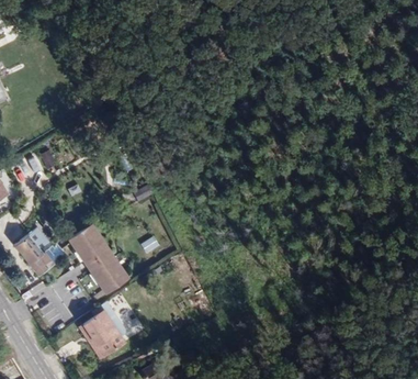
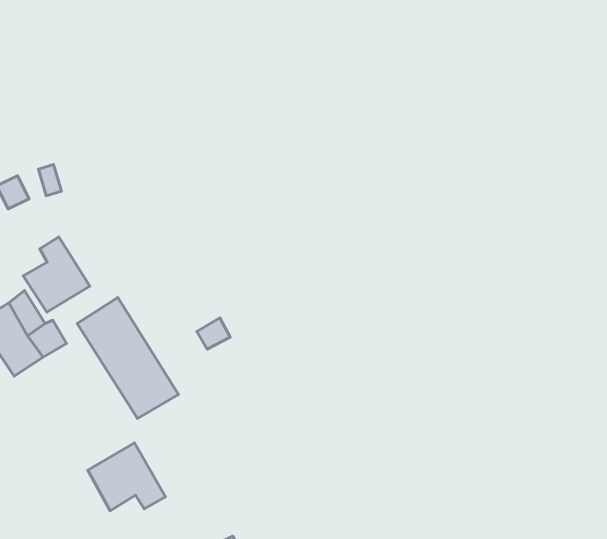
building: none -> [23,237,90,312]

